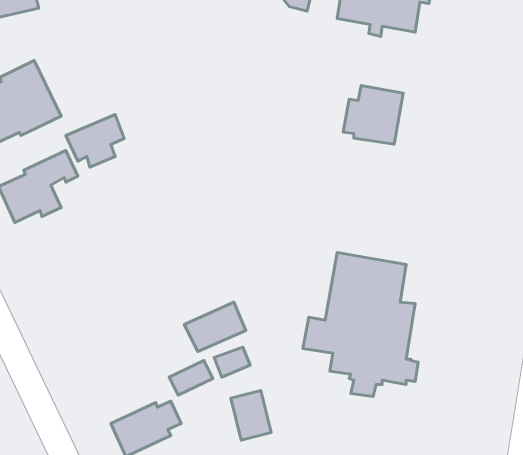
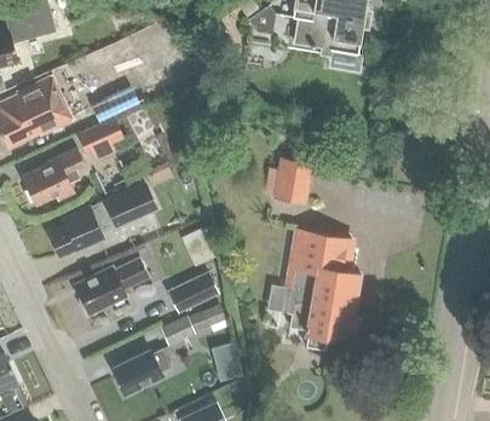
building: [343,86,403,144] -> [265,156,313,203]
building: none -> [51,183,158,258]
building: none -> [75,258,149,312]

